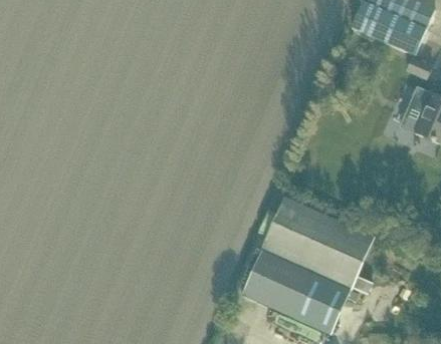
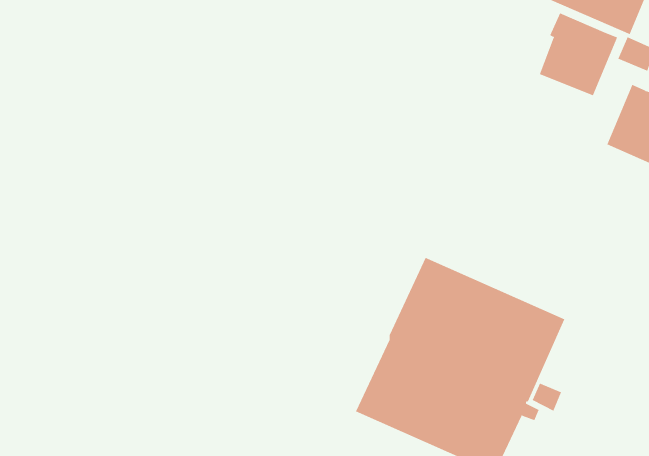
building: none -> [539,13,618,96]

